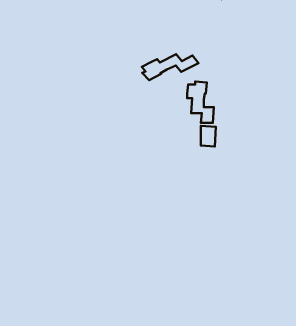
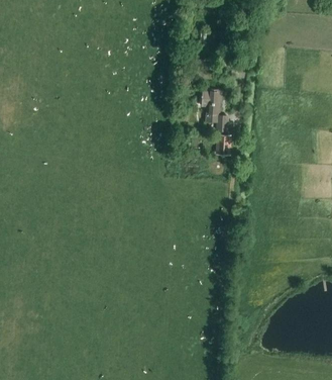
building: [142,54,199,80] -> none

